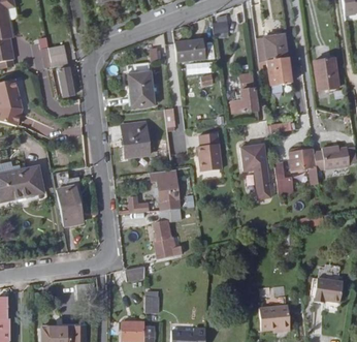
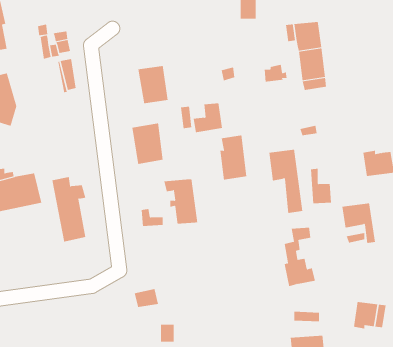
building: [173,37,205,60] -> none
building: [314,59,338,91] -> none
building: [230,90,256,116] -> [193,103,223,133]
building: [289,149,319,184] -> [341,203,376,244]
building: [155,209,183,260] -> [284,227,316,287]

